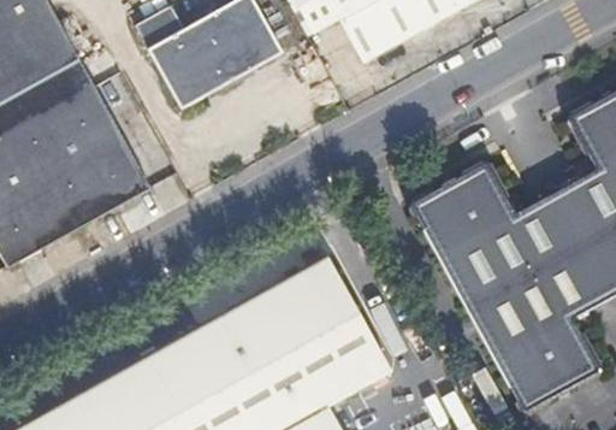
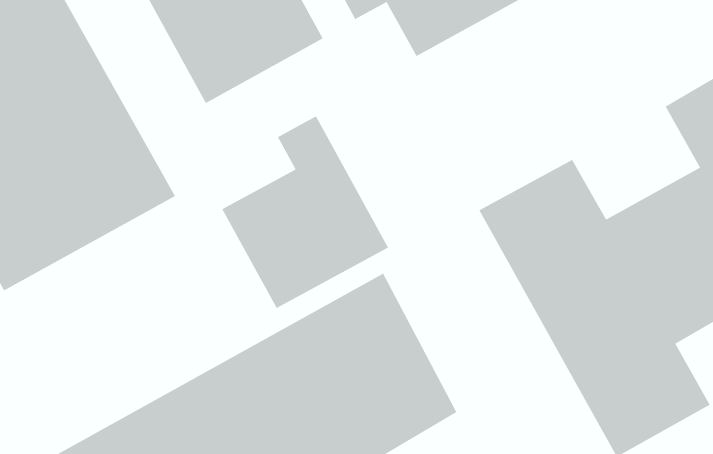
building: none -> [222,116,389,309]

